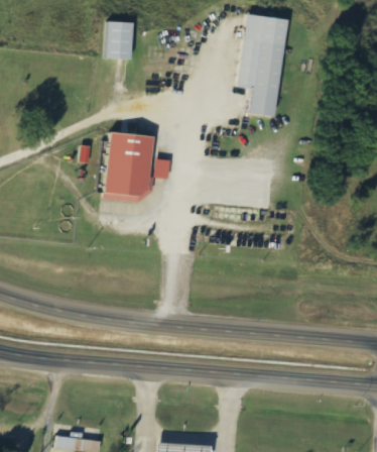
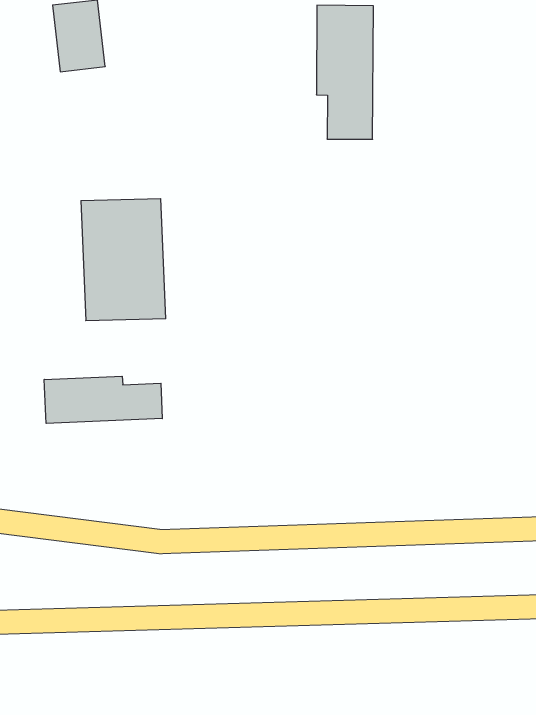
building: none -> [44,376,162,423]

